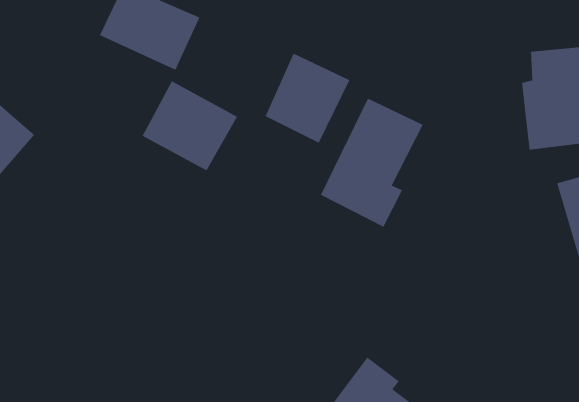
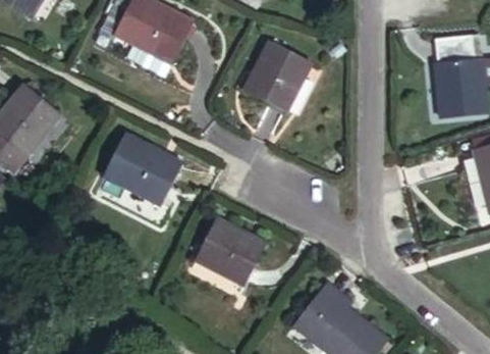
building: [142,80,238,171] -> [105,132,180,203]
building: [320,97,424,228] -> none
building: none -> [194,218,258,282]

